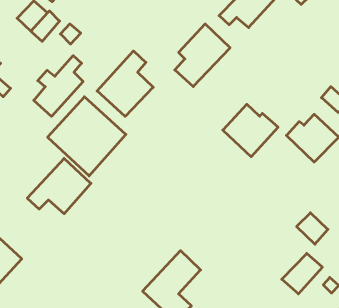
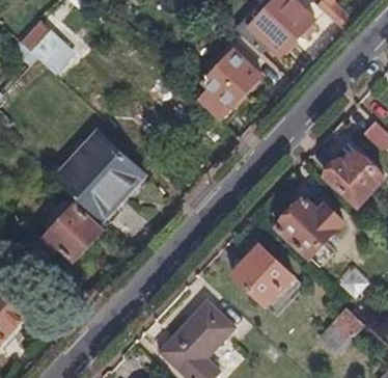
building: [97,51,153,116] -> none
building: [34,56,83,116] -> none
building: [223,104,278,157] -> [276,197,338,256]
building: none -> [231,244,294,306]

